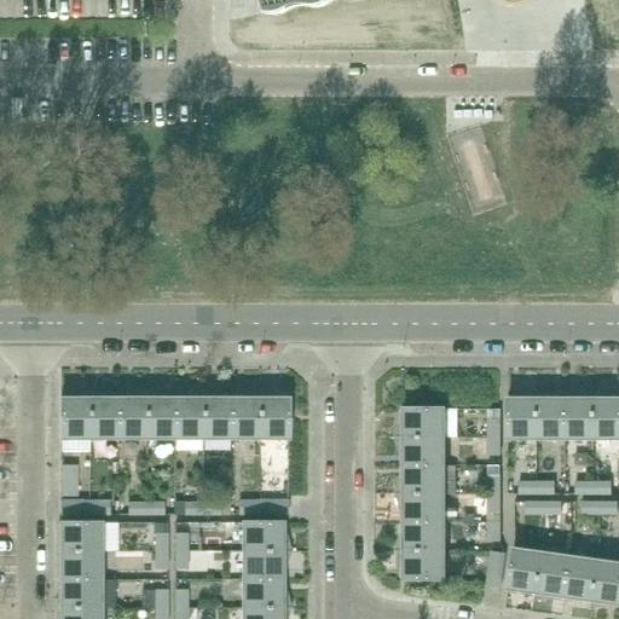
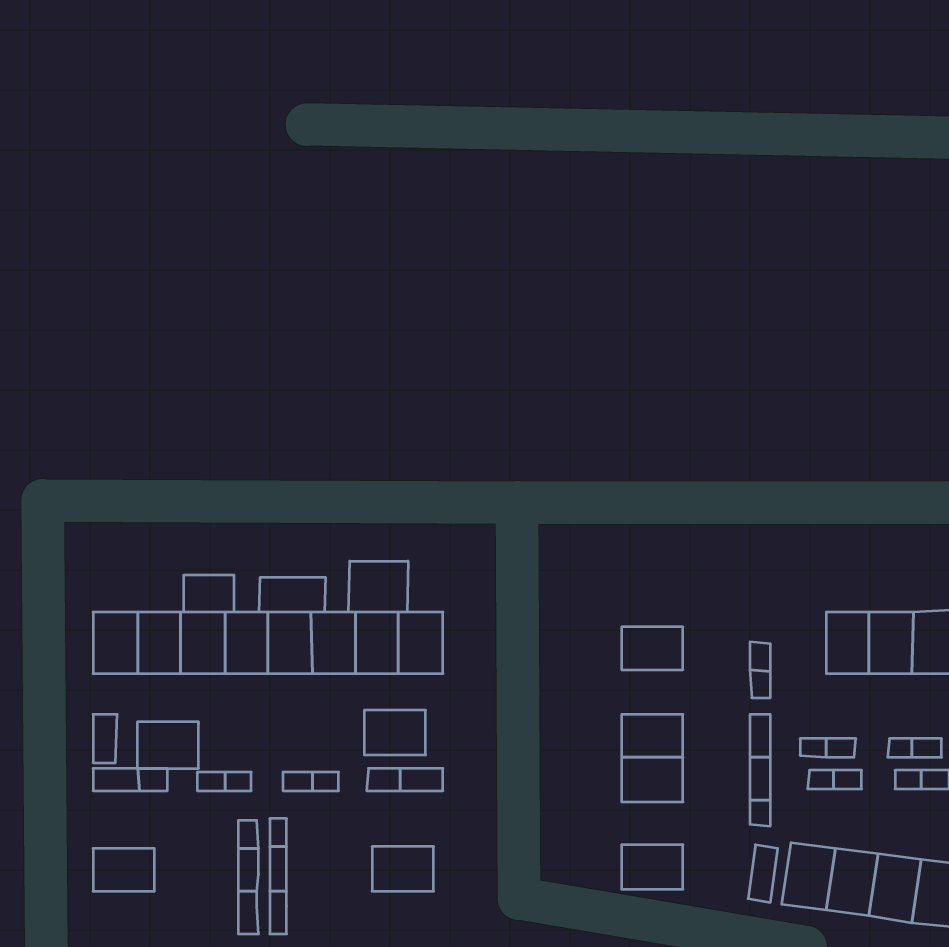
building: none -> [349,561,408,612]
building: none -> [184,575,234,612]
building: none -> [259,577,325,612]
building: [509,398,538,438] -> none
building: [405,435,445,464] -> none
building: [62,521,102,551] -> [137,722,199,768]
building: [243,521,283,550] -> [364,710,426,755]
building: [405,521,445,549] -> none
building: [62,579,102,608] -> none
building: [243,579,283,607] -> none

